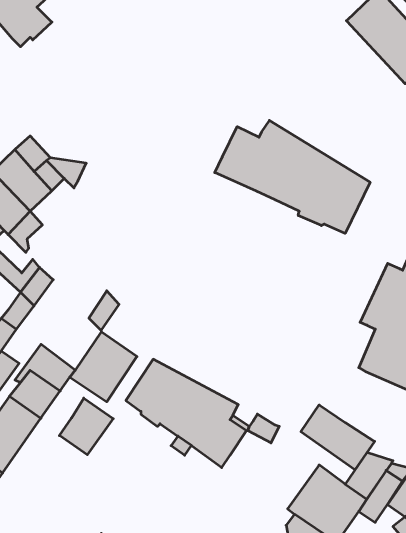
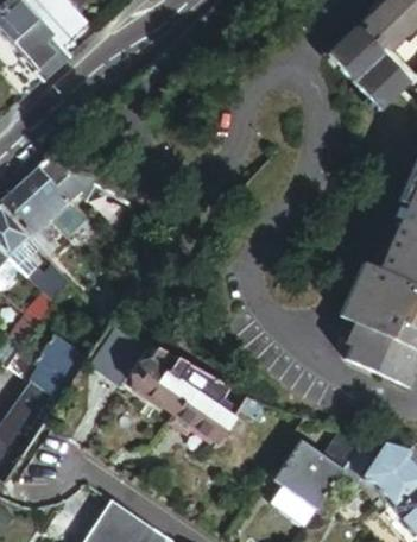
building: [215,120,370,233] -> none
building: [59,398,113,455] -> none
building: [301,405,375,470] -> none

